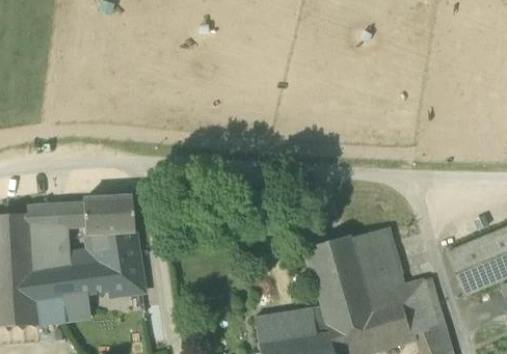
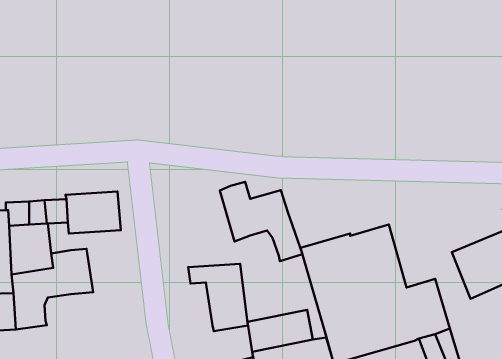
building: none -> [220,182,302,261]
building: [86,232,142,295] -> [188,264,248,331]
building: [63,292,90,317] -> none

